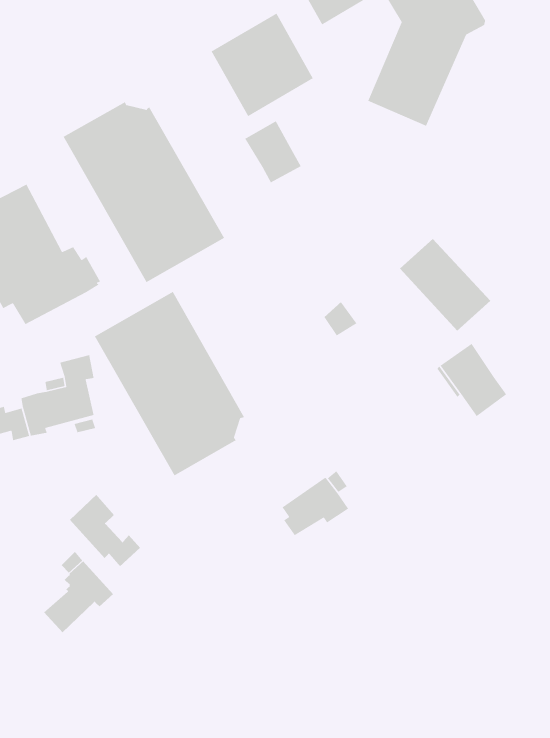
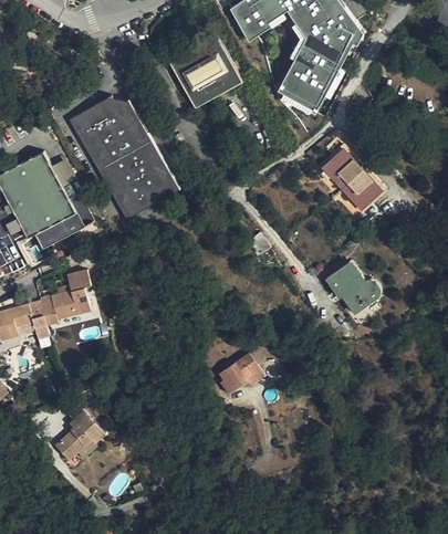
building: [244,120,302,183] -> none
building: [399,238,491,332] -> [321,147,384,211]
building: [94,291,245,477] -> none
building: [69,494,141,567] -> none

